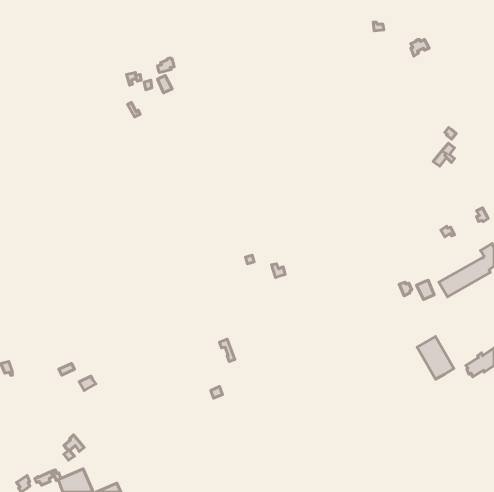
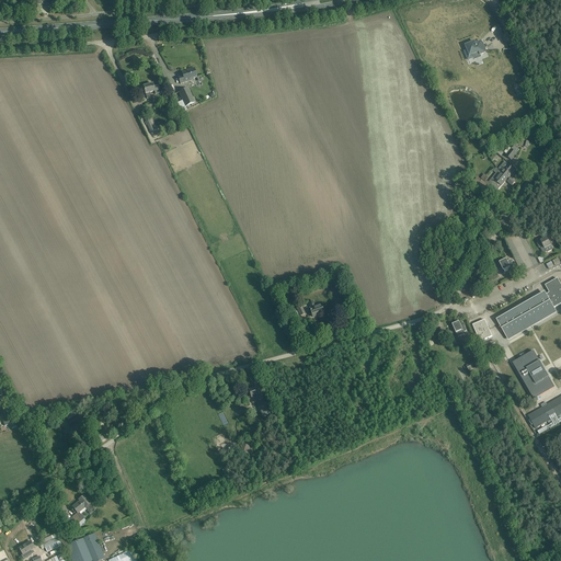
building: [417,337,454,379] -> [513,350,554,398]

